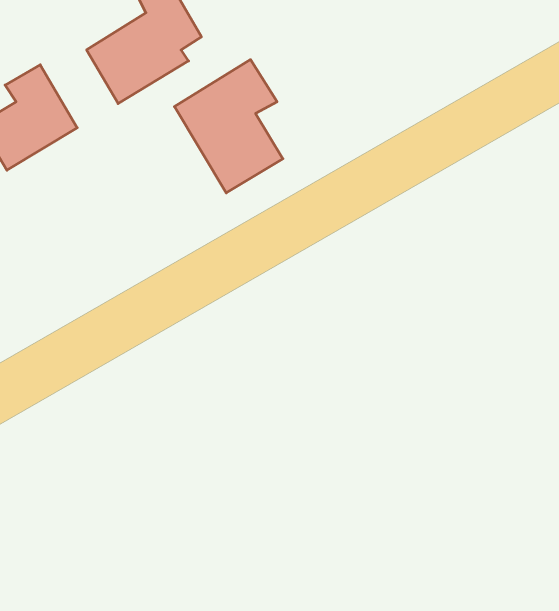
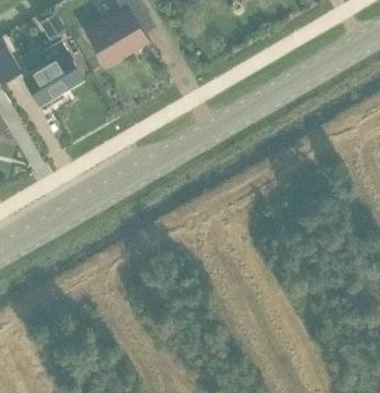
building: [174,60,283,193] -> none

